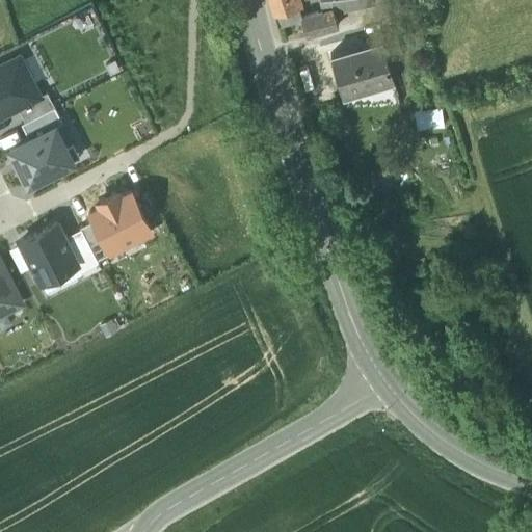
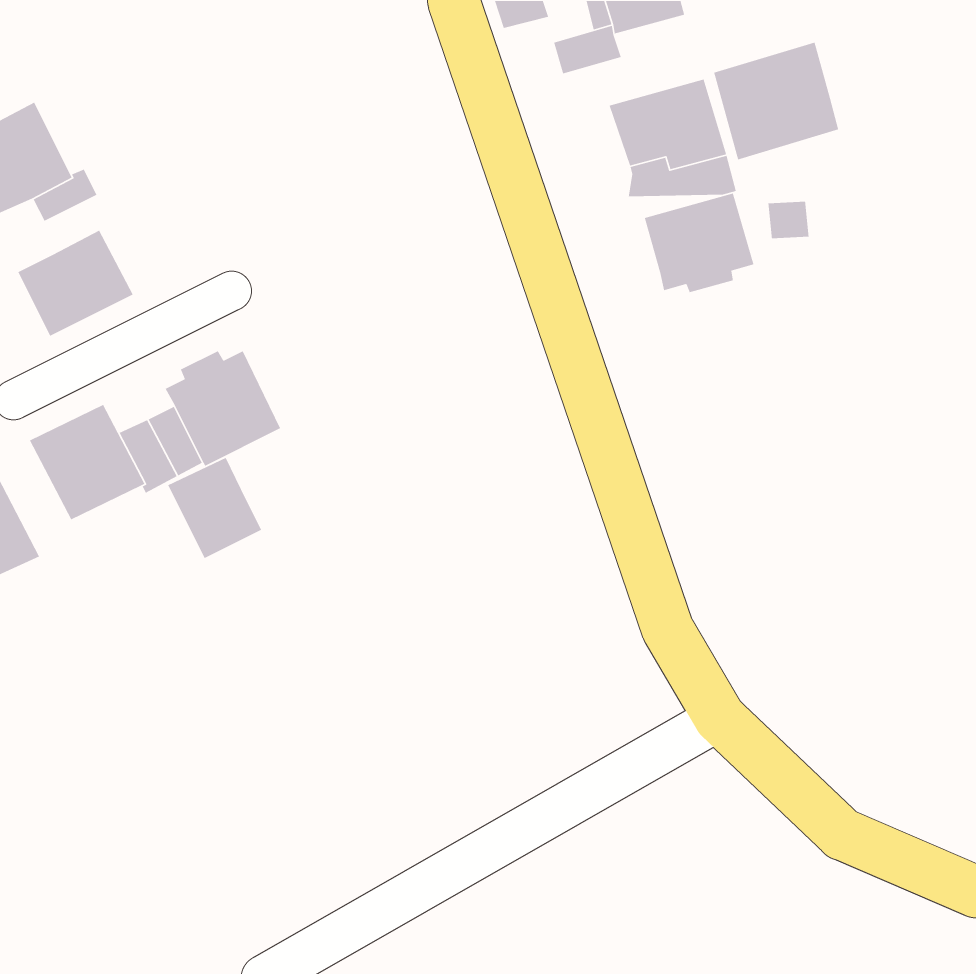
building: none -> [713,42,839,160]
building: none -> [644,192,755,293]
building: [20,108,61,140] -> none
building: none -> [167,457,262,559]

